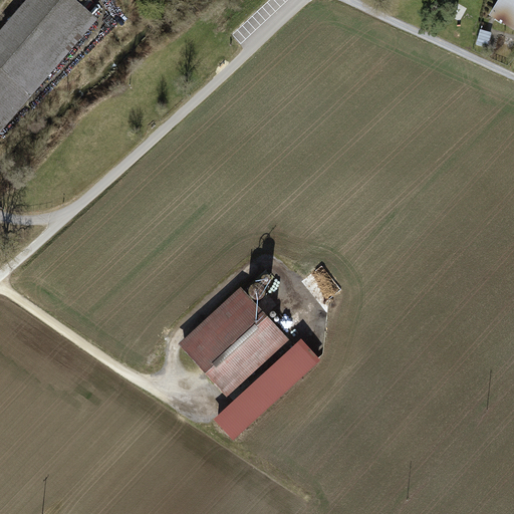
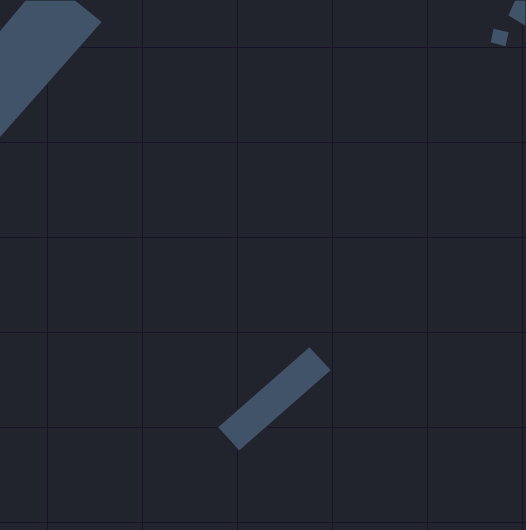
building: [178,286,290,397] -> none

